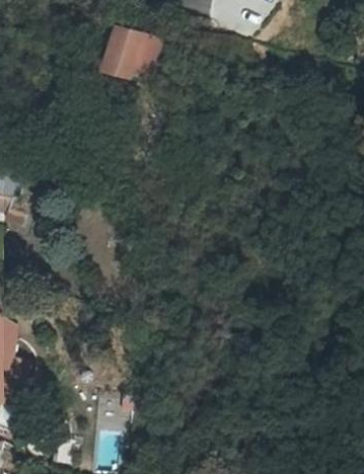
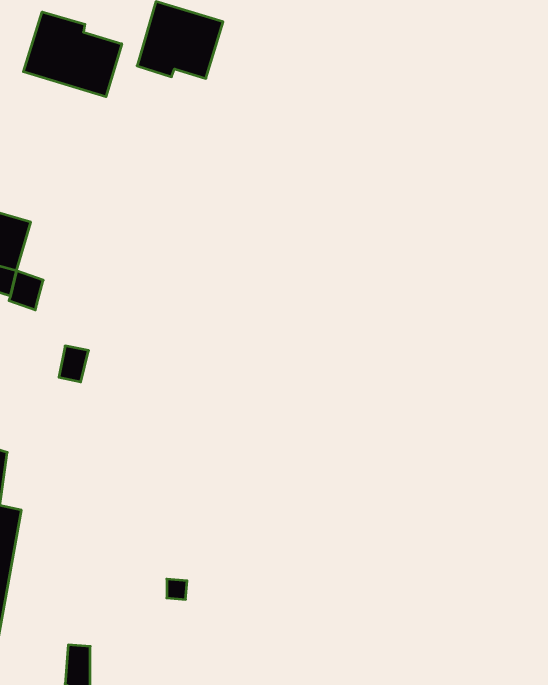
building: none -> [23,12,122,97]

